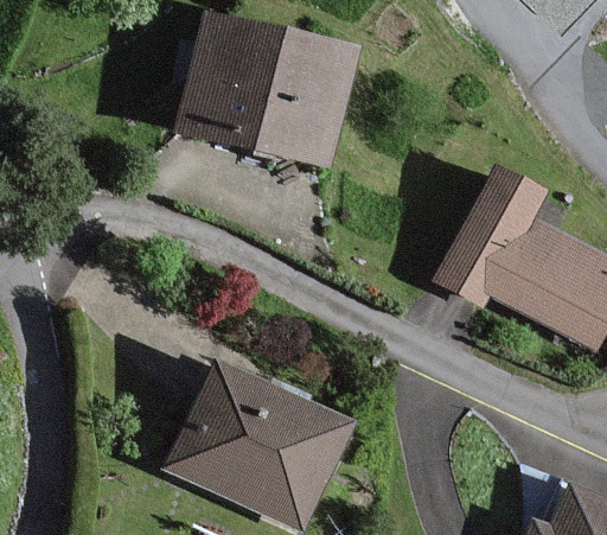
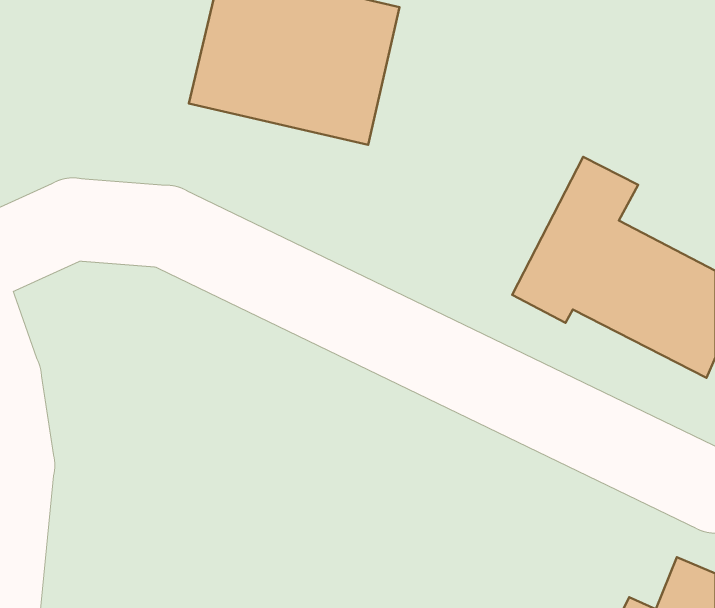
building: [172,363,351,526] -> none

